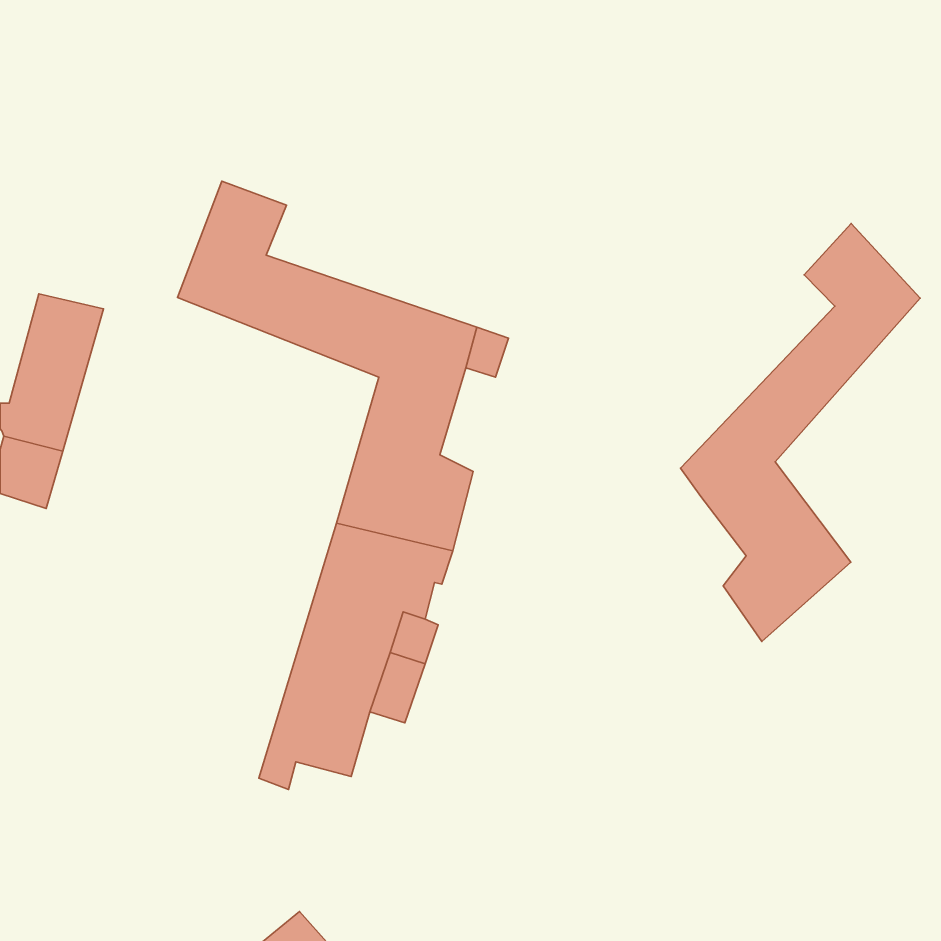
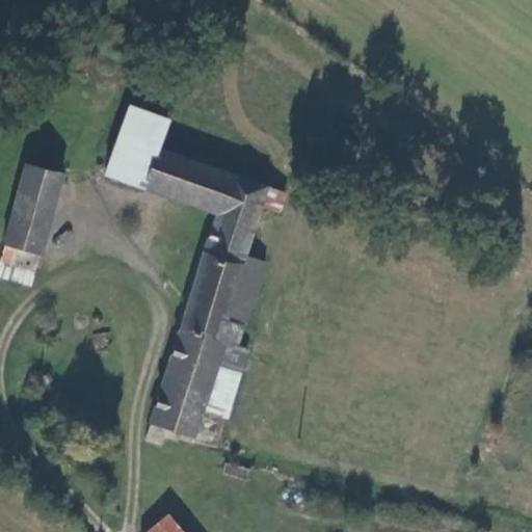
building: [680,223,920,642] -> none

